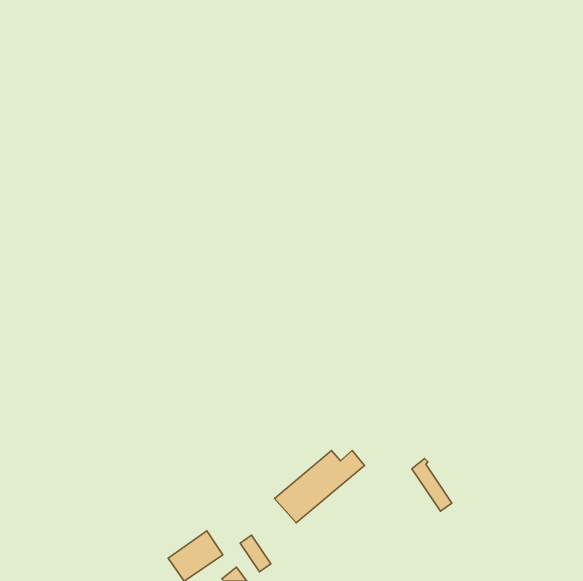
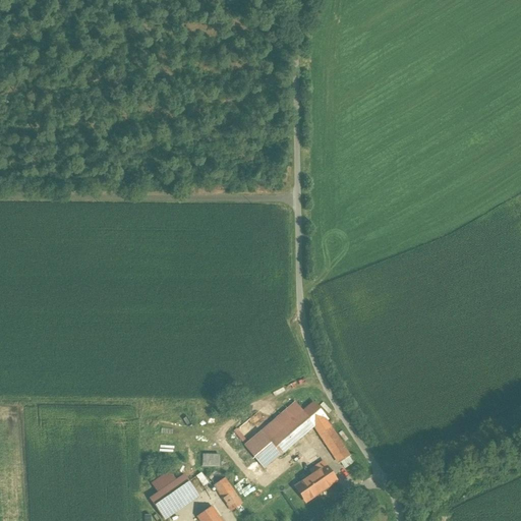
building: [412,458,452,511] -> [313,414,349,461]
building: none -> [295,460,336,500]

